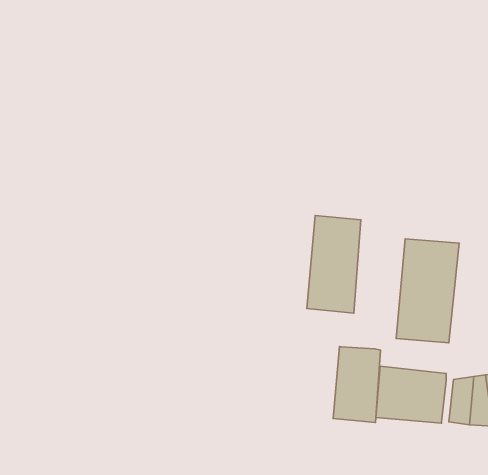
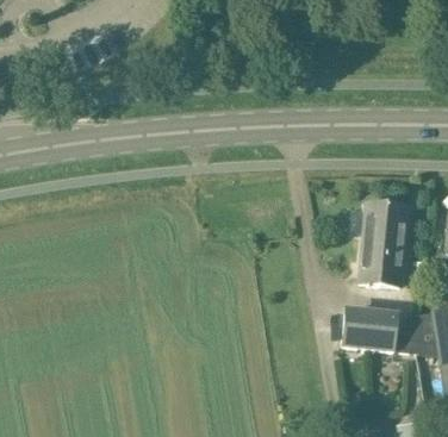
building: [307,216,361,313] -> none
building: [333,346,381,423] -> none

